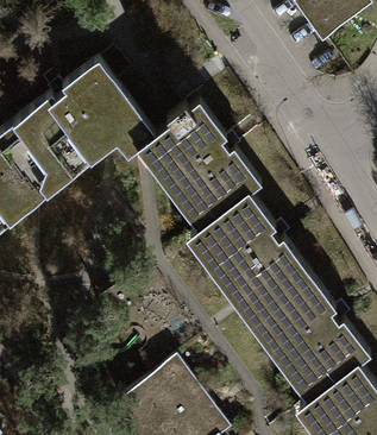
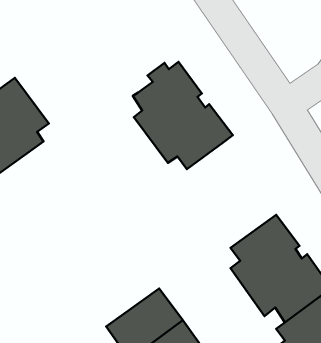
building: [18,63,156,176] -> none
building: [200,196,310,314] -> none

